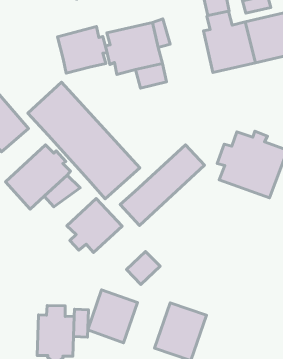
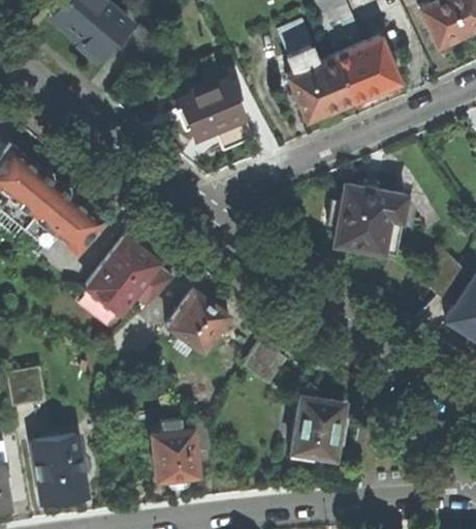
building: [57,27,107,73] -> none
building: [28,82,140,199] -> none
building: [120,145,204,226] -> none
building: [88,290,137,343] -> none

